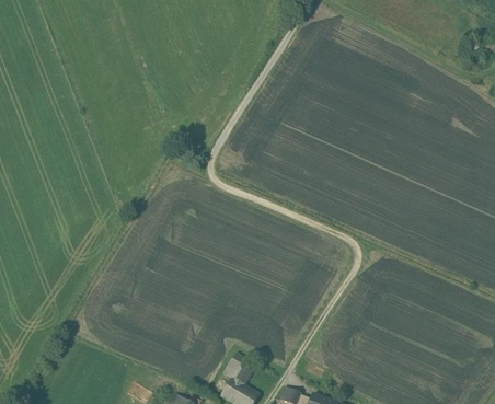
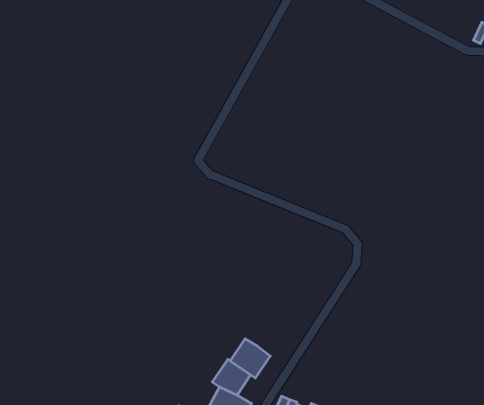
building: none -> [230,339,270,378]

